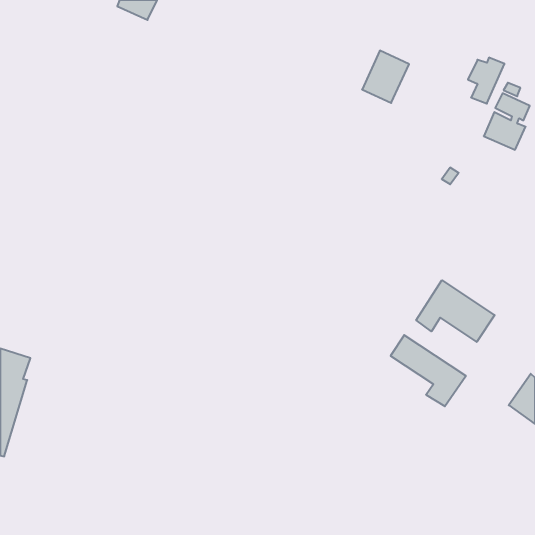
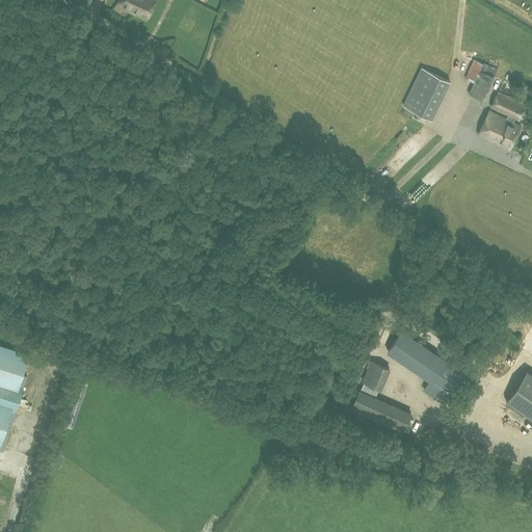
building: [362,51,409,103] -> [403,68,450,119]
building: [416,280,495,342] -> none
building: none -> [351,362,410,432]

